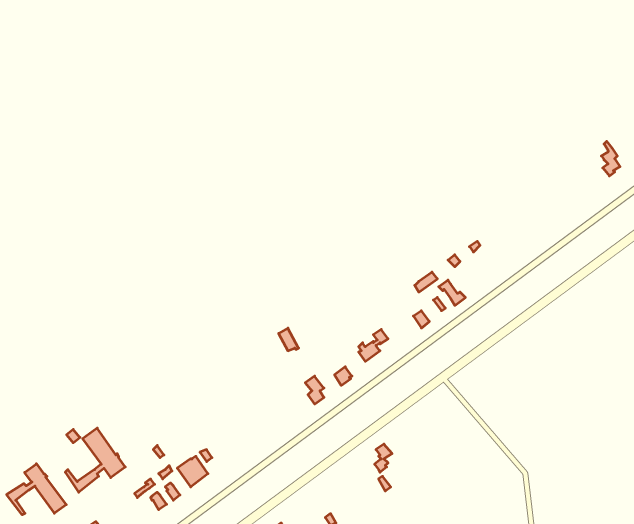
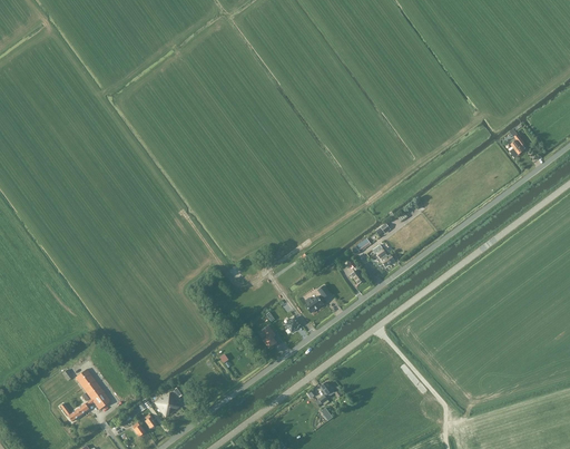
building: [7,464,66,515] -> none

